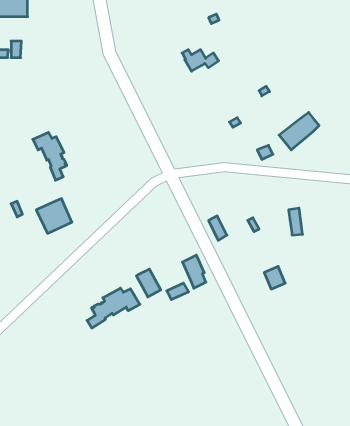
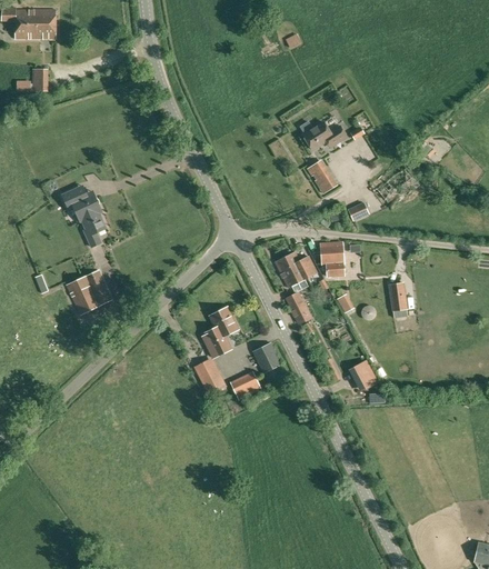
building: [182,50,219,71] -> [300,121,347,149]
building: none -> [320,241,345,276]
building: none -> [276,251,316,287]
building: none -> [203,307,238,357]
building: [87,288,140,328] -> none

